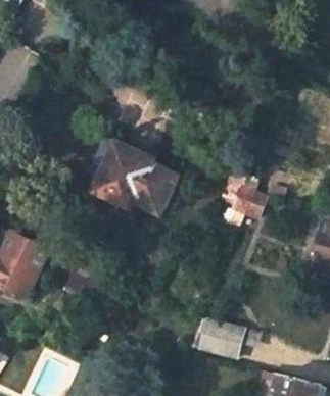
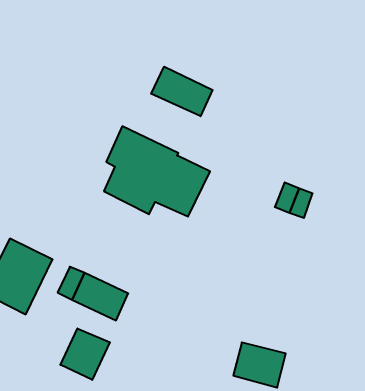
building: none -> [151,67,213,116]
building: none -> [60,328,110,380]

